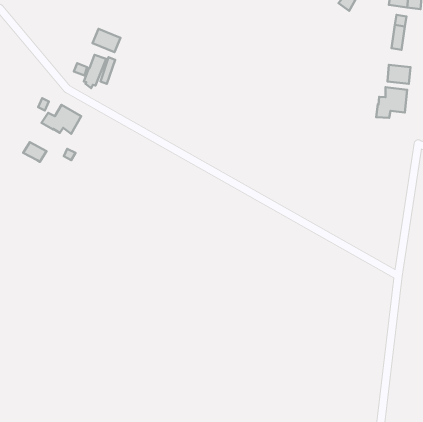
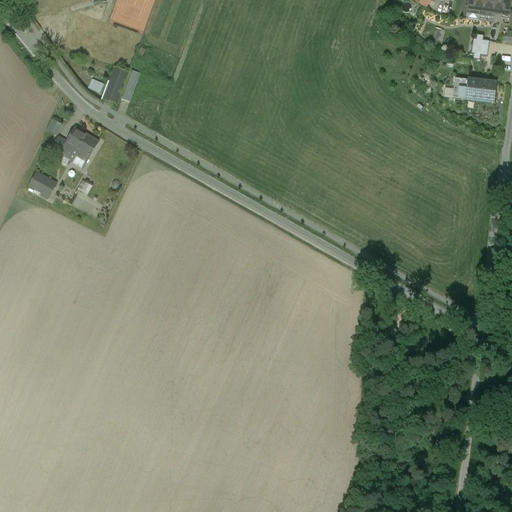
building: [93,29,120,52] -> none
building: [376,87,407,118] -> none

